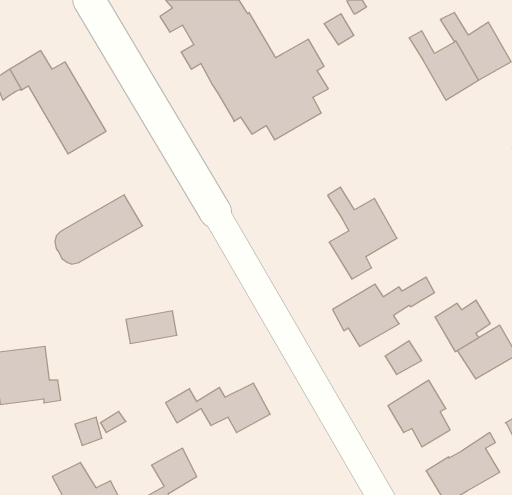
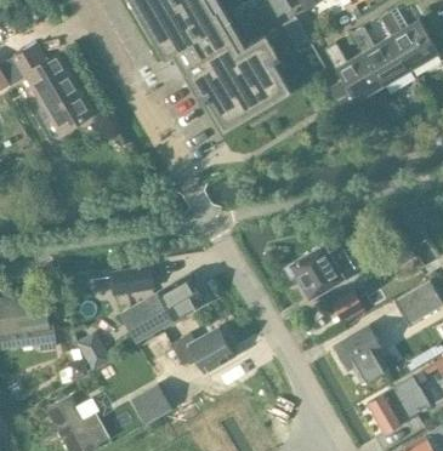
building: [328,187,397,279] -> [324,42,384,121]
building: [55,195,143,264] -> [129,275,204,335]
building: [435,300,490,352] -> none

